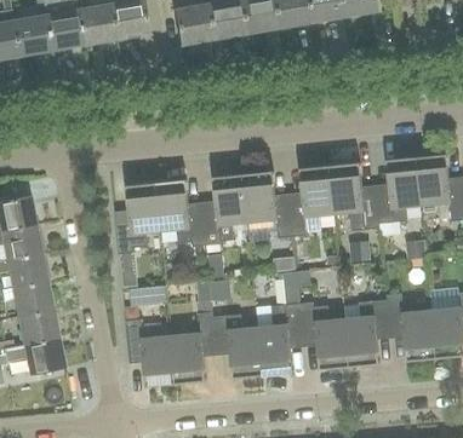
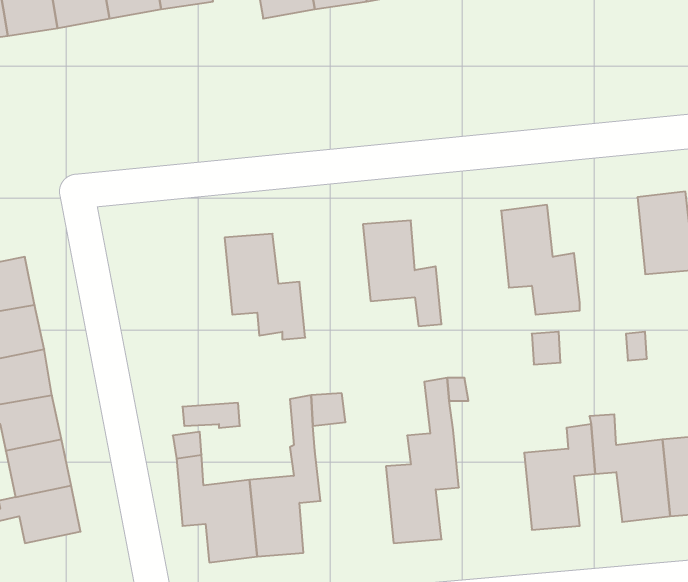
building: [377,157,422,224] -> none
building: [290,166,336,237] -> none
building: [204,174,248,246] -> none
building: [115,183,161,254] -> none
building: [301,302,350,370] -> none
building: [213,315,263,379] -> none

